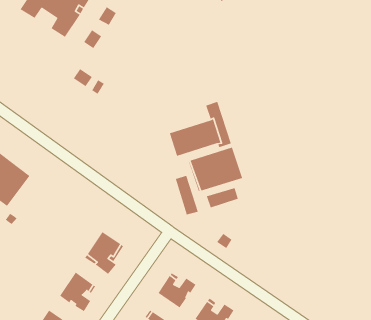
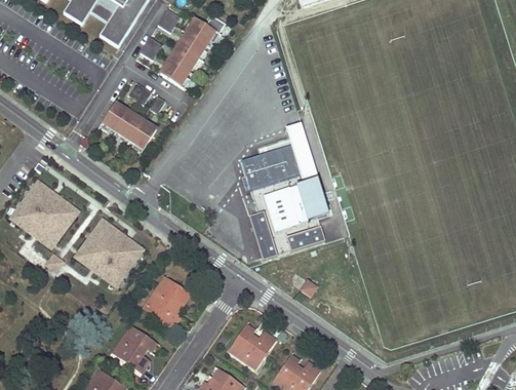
building: none -> [160,17,221,89]
building: none -> [100,102,157,152]
building: none -> [75,218,144,285]

